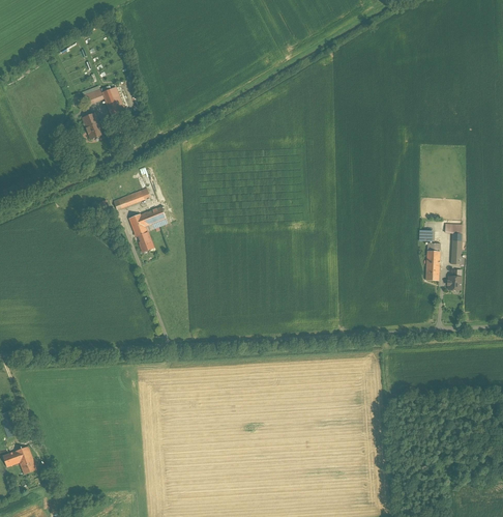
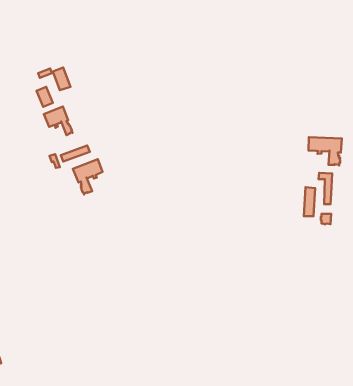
building: none -> [44,106,73,135]
building: none -> [309,137,342,165]

